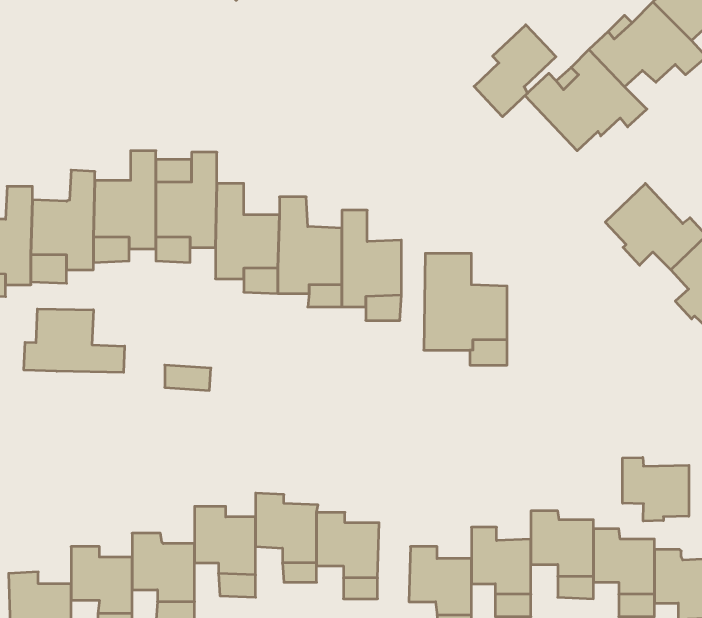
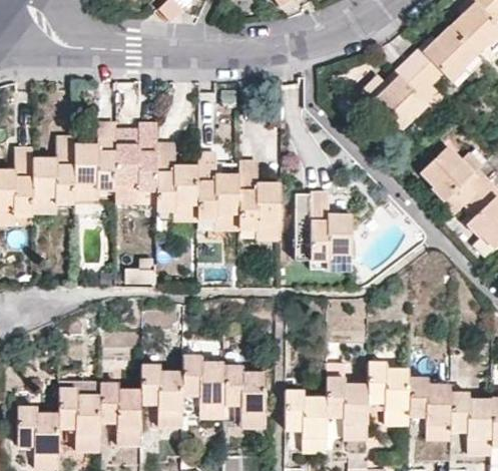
building: [474,25,556,117] -> none
building: [24,309,125,372] -> none
building: [623,457,689,521] -> none

